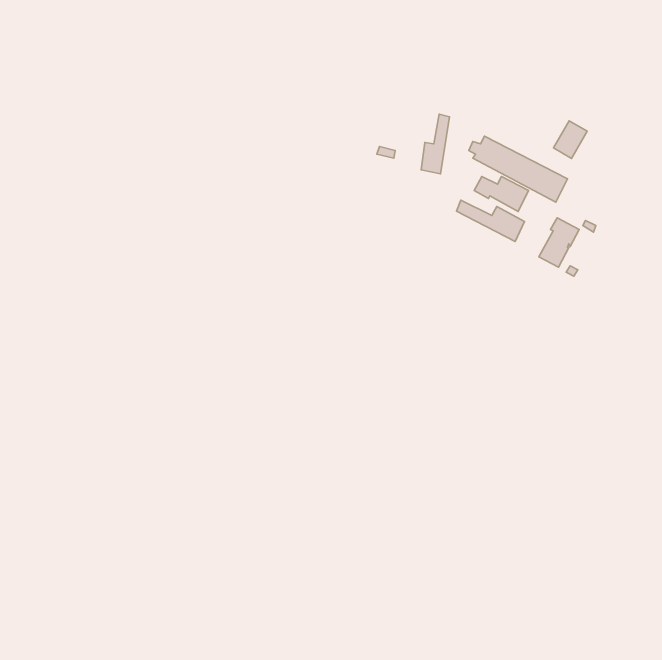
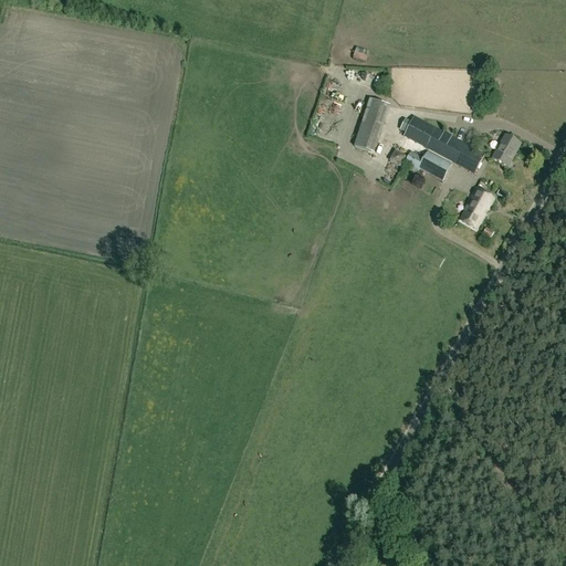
building: [553,121,587,158] -> [492,134,521,166]
building: [456,200,525,241] -> none

